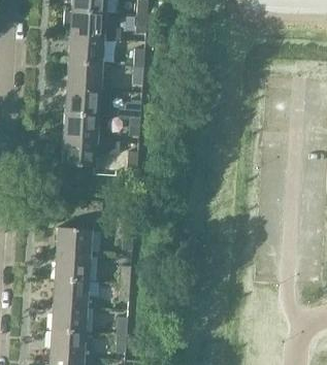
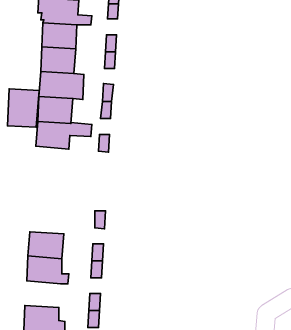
building: none -> [7,89,39,127]
building: [56,227,93,256] -> none
building: [51,304,88,332] -> none

